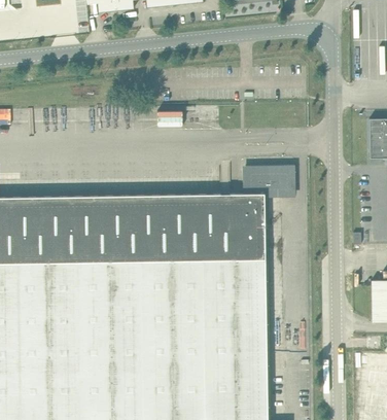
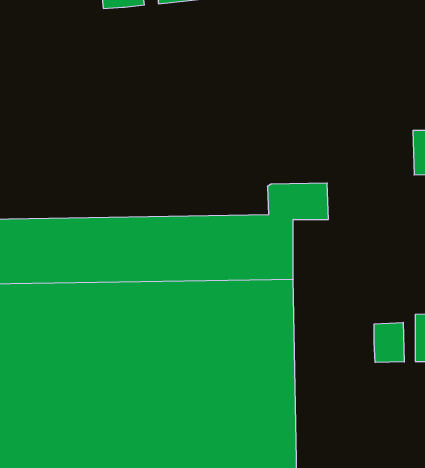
building: none -> [374,322,404,362]

